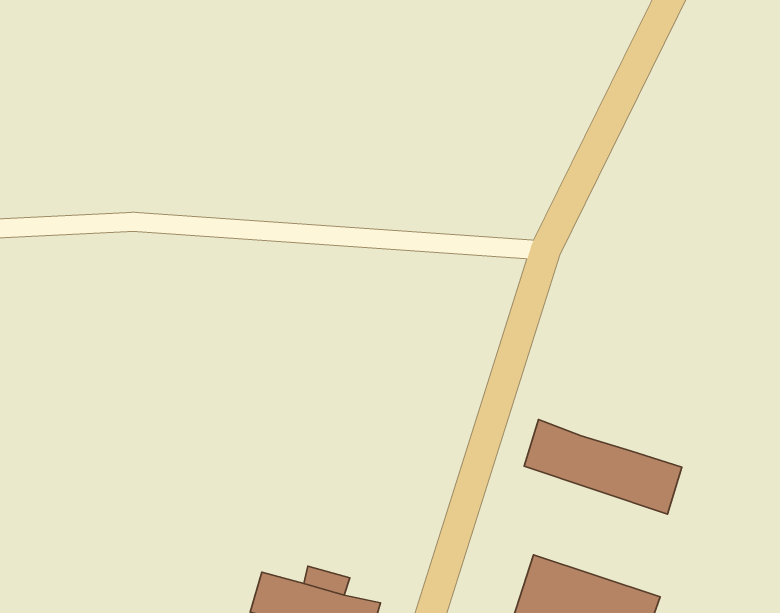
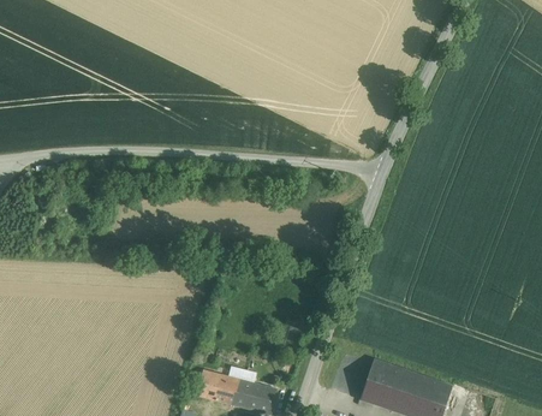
building: [524,420,682,514] -> none

